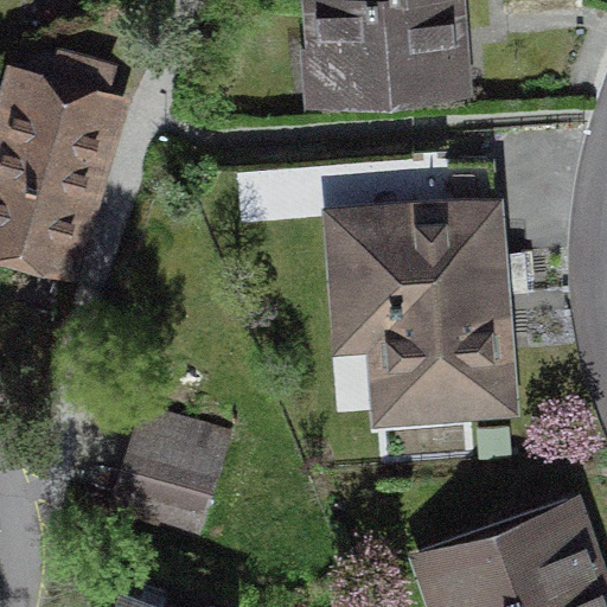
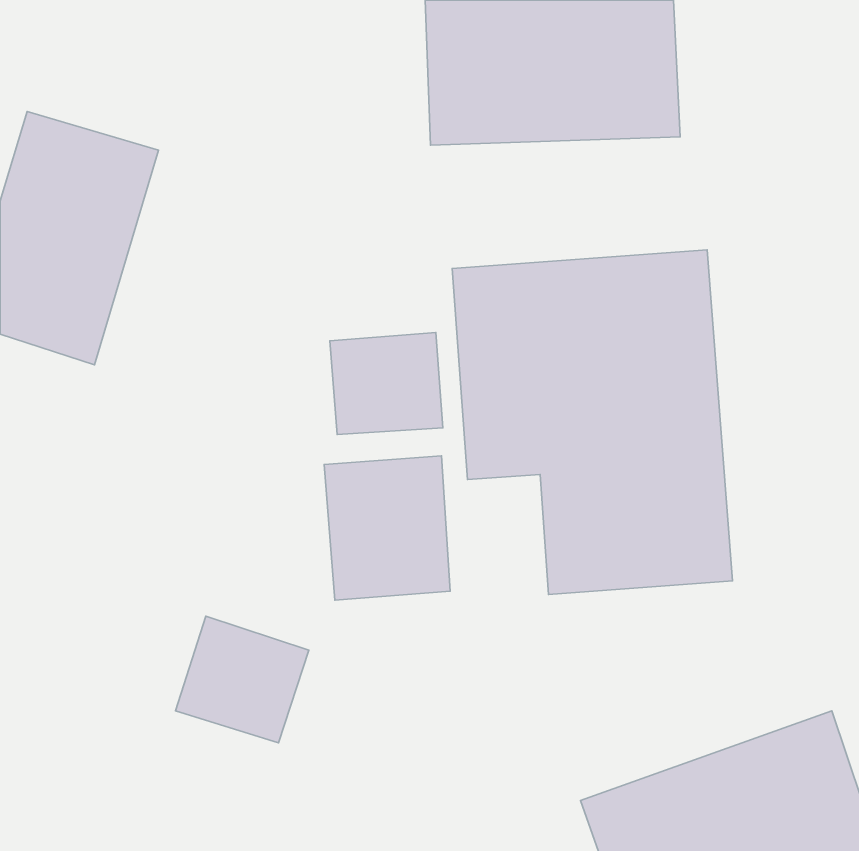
building: none -> [330,332,443,435]
building: none -> [324,456,450,600]

